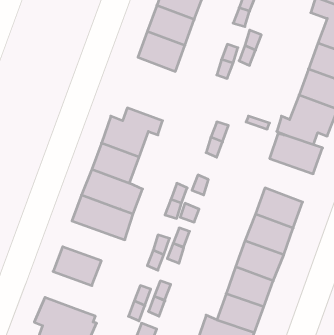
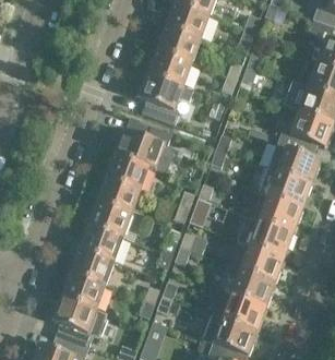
building: none -> [139,74,182,124]
building: none -> [259,166,310,208]
building: none -> [77,226,122,263]
building: none -> [61,273,105,310]

